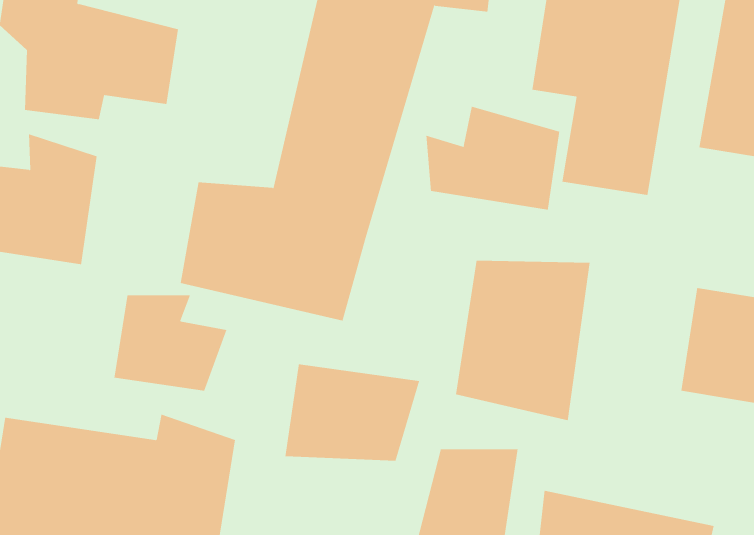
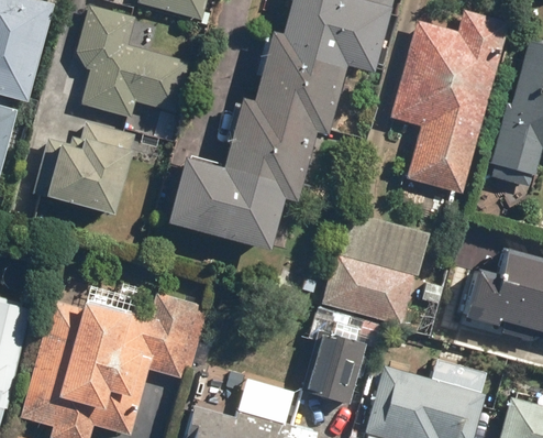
building: [426,106,560,210] -> none
building: [114,294,227,391] -> none
building: [285,364,420,461] -> none

